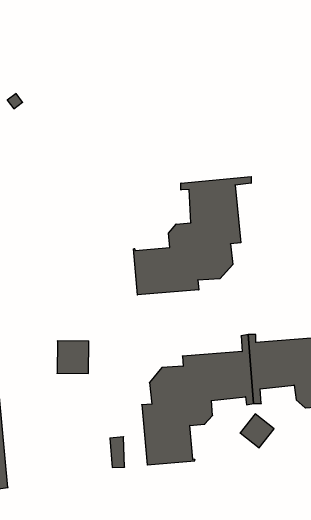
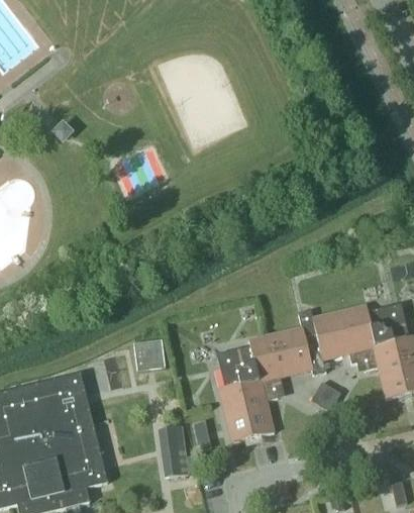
building: [133,177,251,295] -> none
building: none -> [162,426,188,477]

